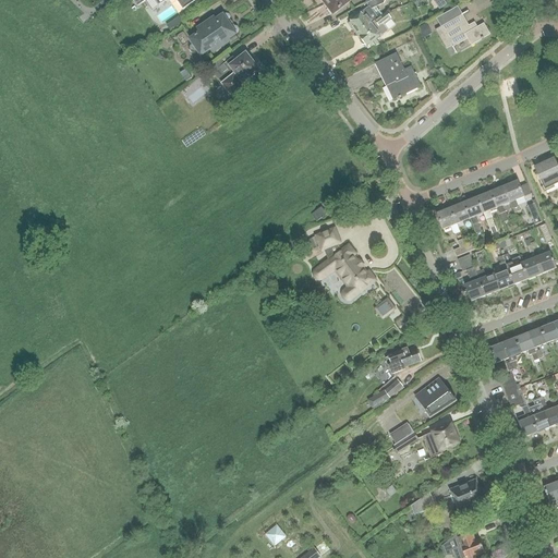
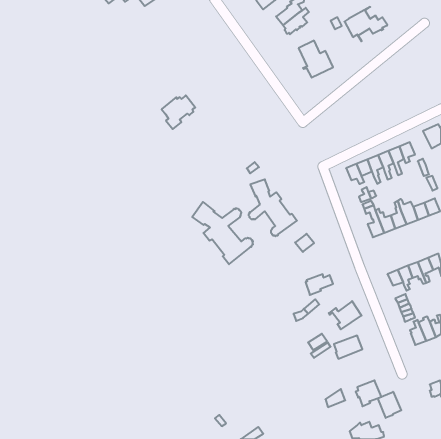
building: [189,12,239,53] -> none
building: [215,52,257,95] -> [162,95,195,129]
building: none -> [192,202,253,264]
building: none -> [378,392,401,418]

